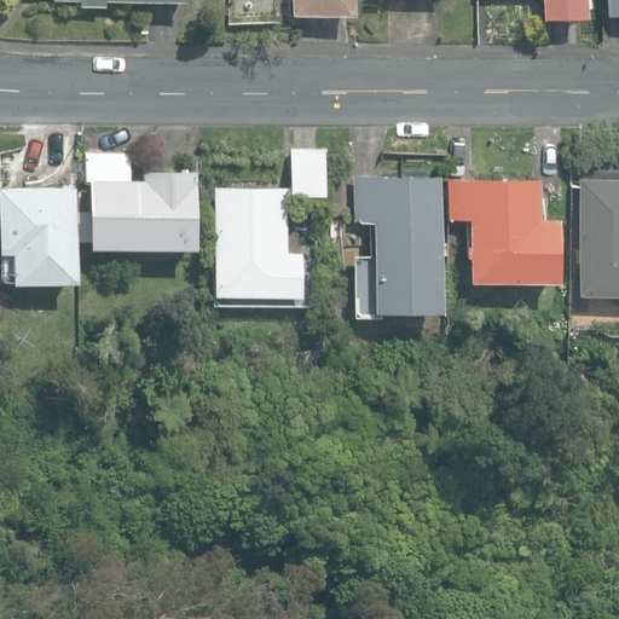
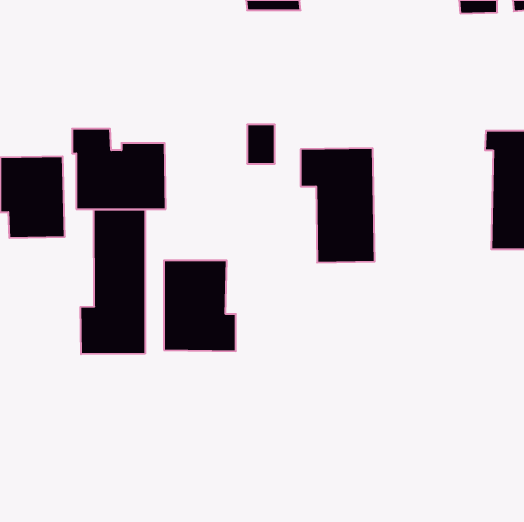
building: [449,181,559,282] -> none
building: [215,191,300,297] -> [164,260,236,351]
building: none -> [80,210,145,354]

